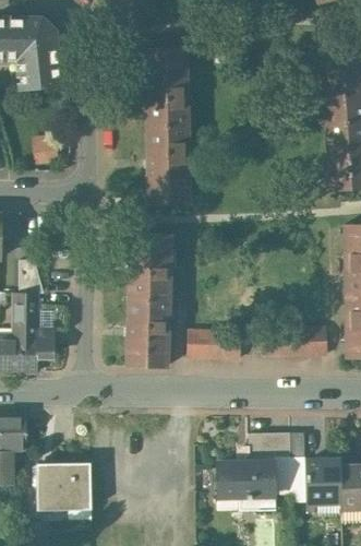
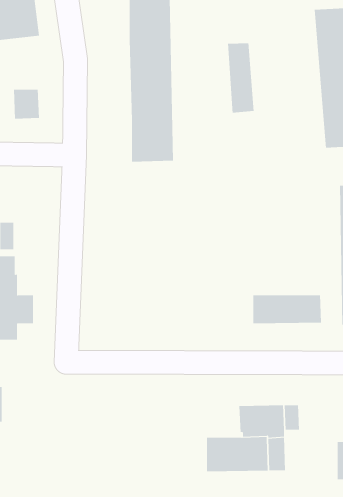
building: none -> [228,43,254,114]
building: [128,234,171,367] -> none
building: [189,331,241,359] -> none
building: [306,462,341,499] -> none
building: [39,465,93,505] -> none

